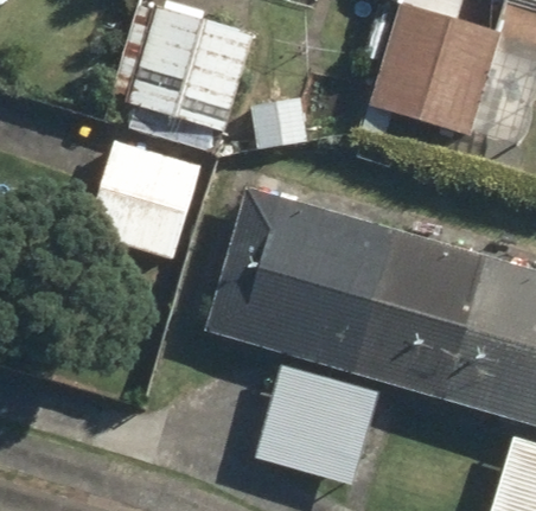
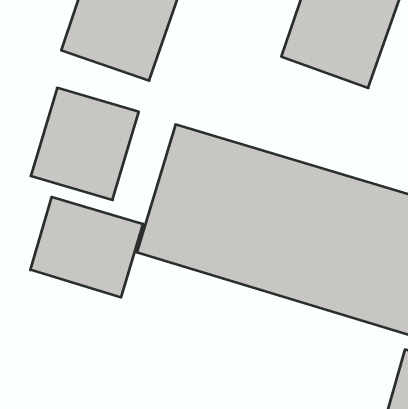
building: none -> [30,197,143,297]
building: [254,365,382,490] -> none

